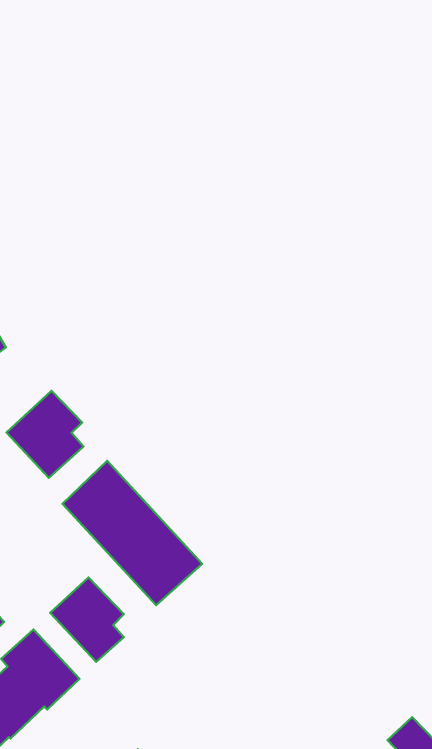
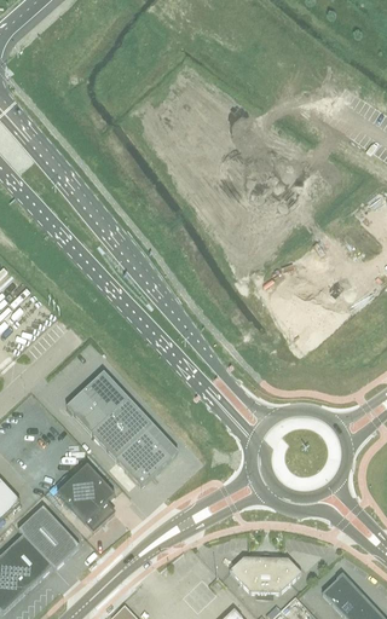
building: [7,391,84,478] -> none
building: none -> [230,556,301,592]

